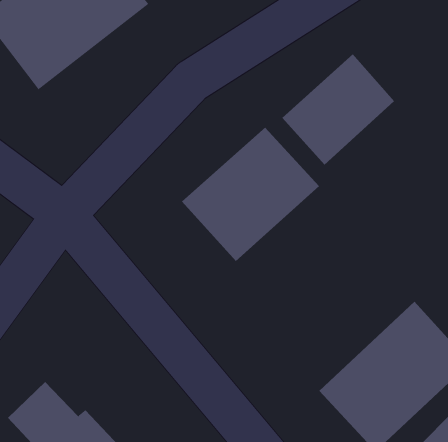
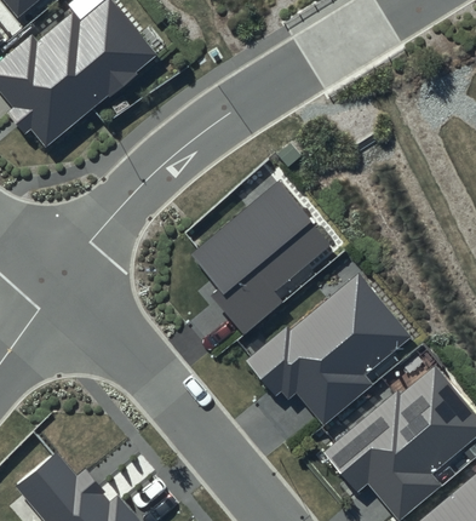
building: [282,54,395,165] -> none
building: none -> [253,271,414,424]

